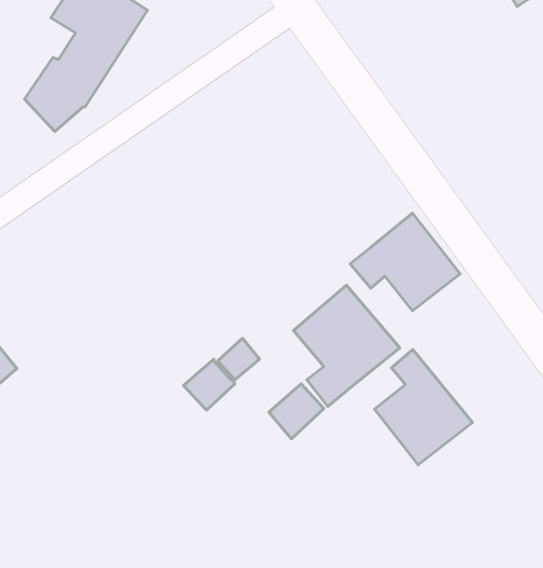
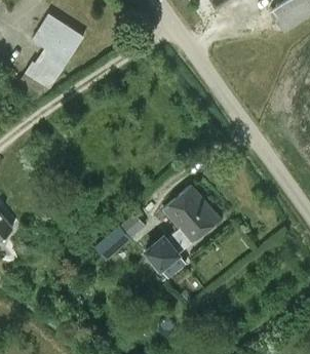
building: [350,213,460,311] -> none
building: [374,349,473,465] -> none

